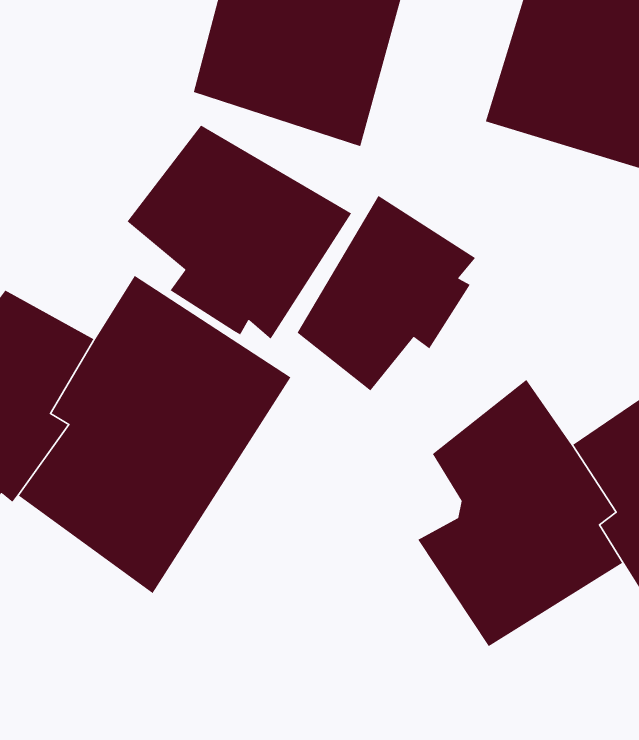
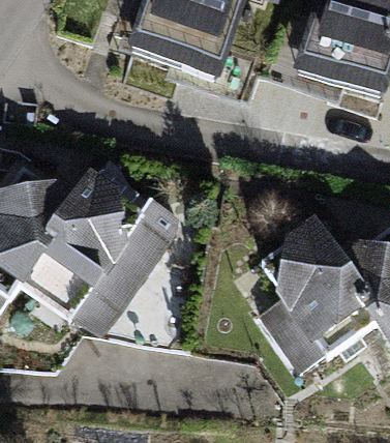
building: [127,124,352,340] -> none
building: [296,195,476,392] -> none

